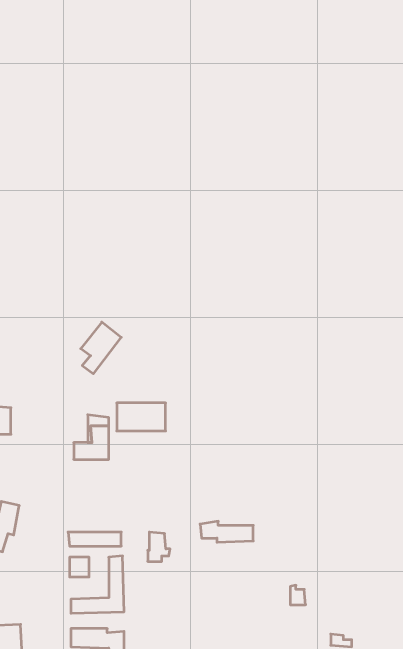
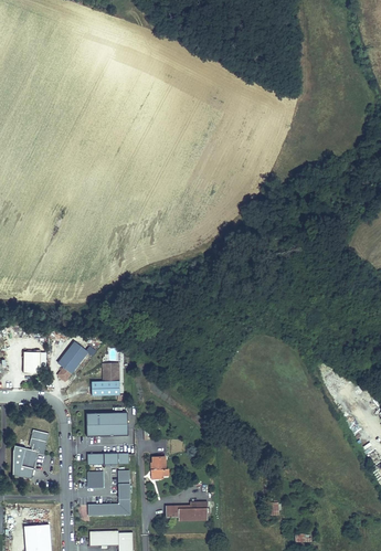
building: [81,322,121,374] -> [56,342,88,383]
building: [117,403,166,431] -> [87,412,126,434]
building: [200,521,253,542] -> [166,505,208,521]

